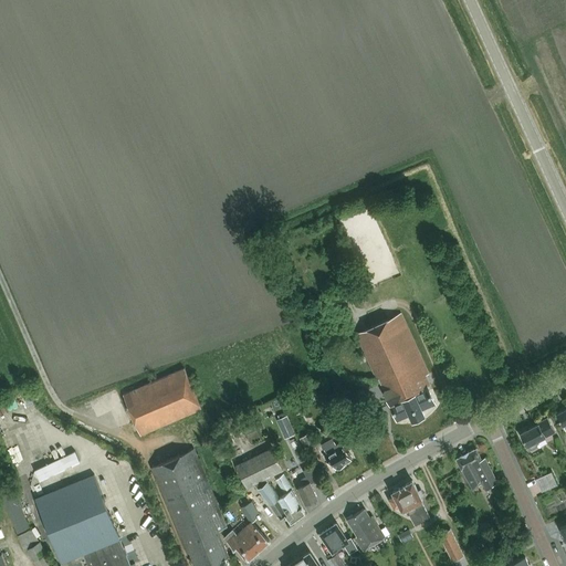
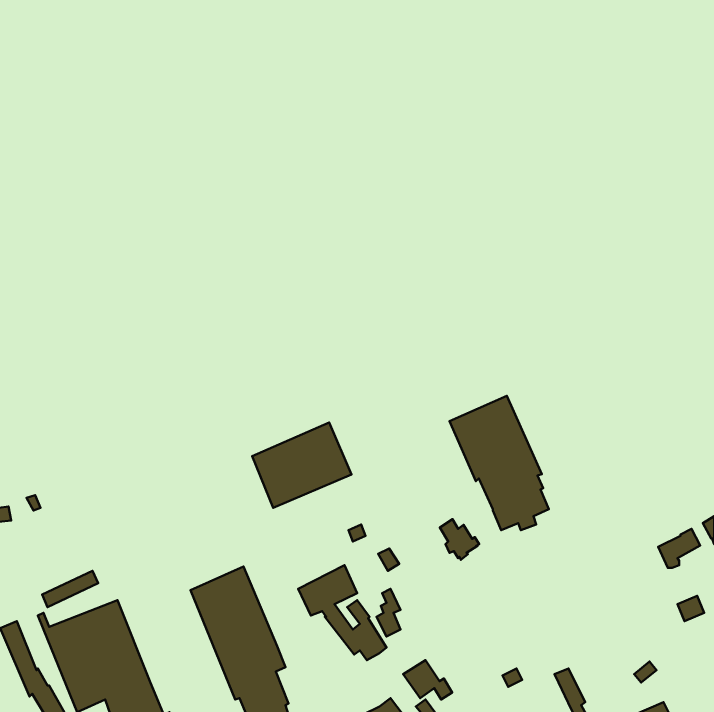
building: [123,369,201,437] -> [252,423,351,508]
building: [321,439,352,471] -> [440,519,479,560]
building: [455,450,496,491] -> none
building: [388,482,428,526] -> none
building: [223,503,268,560] -> none
building: [345,510,384,552] -> none

